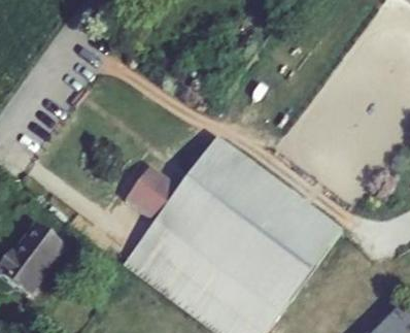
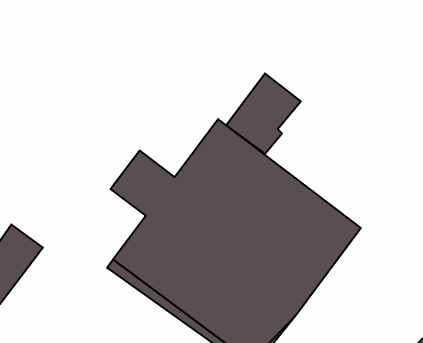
building: none -> [226,73,301,154]

